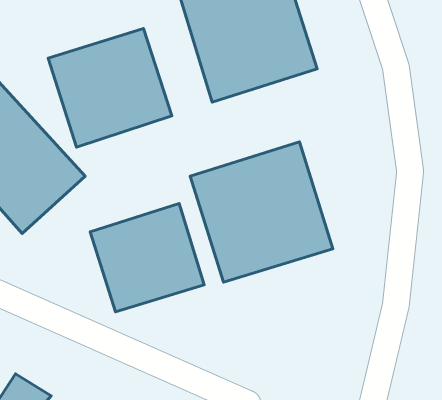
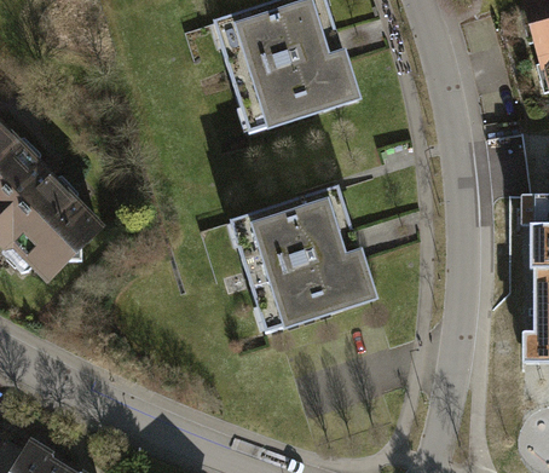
building: [48,28,172,147] -> none
building: [90,204,204,312] -> none

